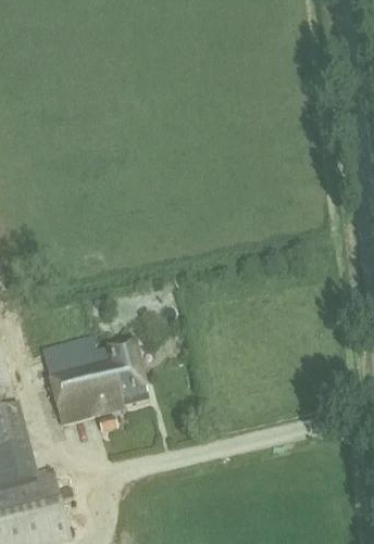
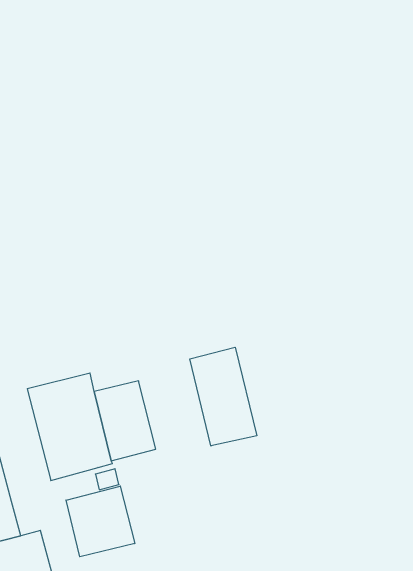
building: none -> [190,347,257,446]
building: none -> [66,486,135,557]

